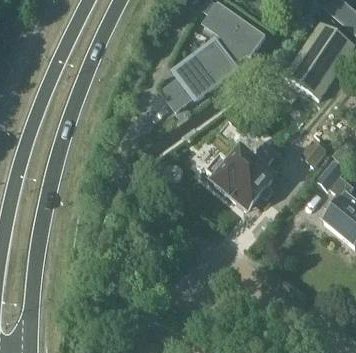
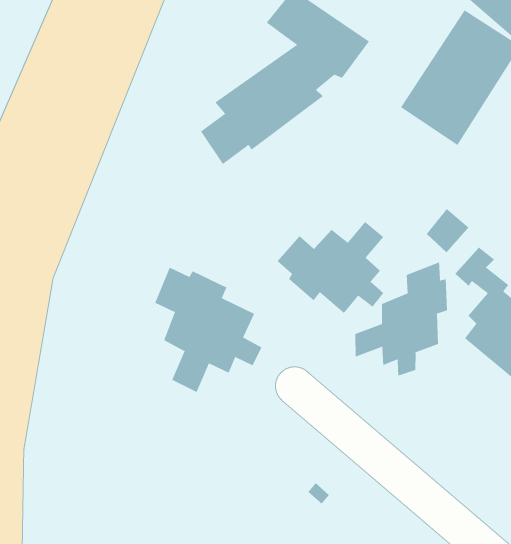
building: none -> [355,262,447,376]
building: none -> [155,267,262,393]

